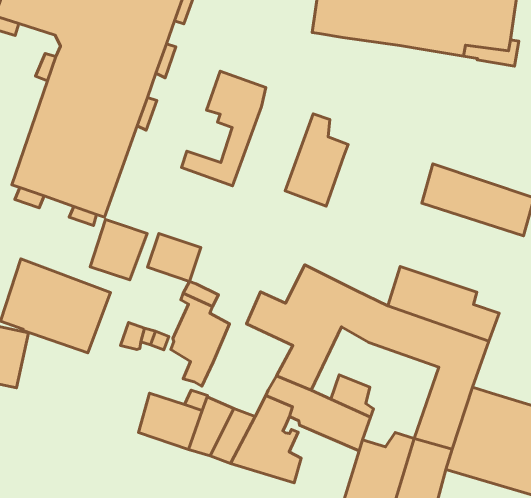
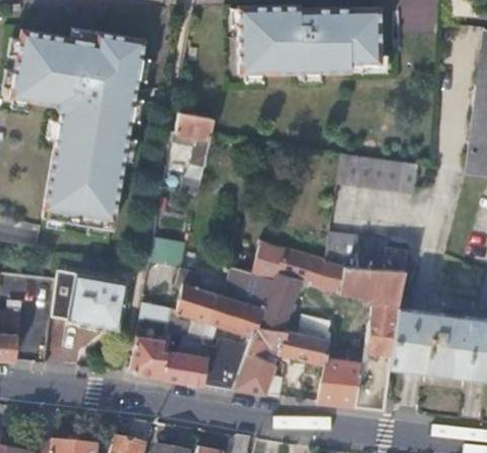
building: [285,114,348,206] -> none
building: [90,219,147,280] -> none
building: none -> [208,289,263,334]
building: none -> [132,336,167,380]

